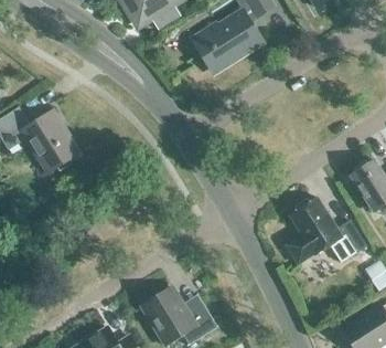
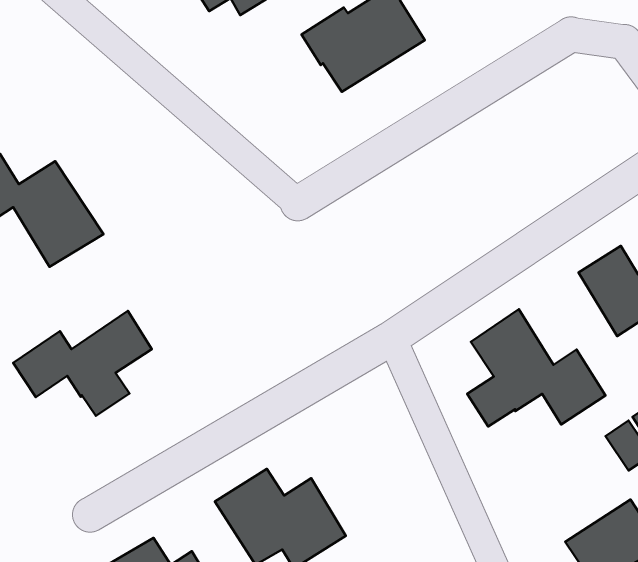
building: none -> [13,311,152,416]

